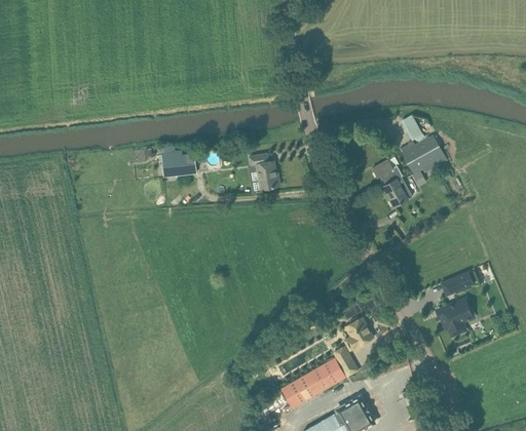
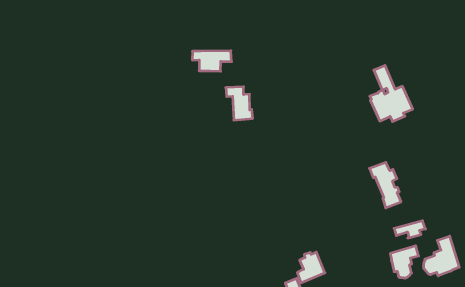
building: [165,152,208,177] -> [192,51,232,71]
building: [372,160,409,207] -> [369,162,401,208]
building: none -> [424,236,459,276]

